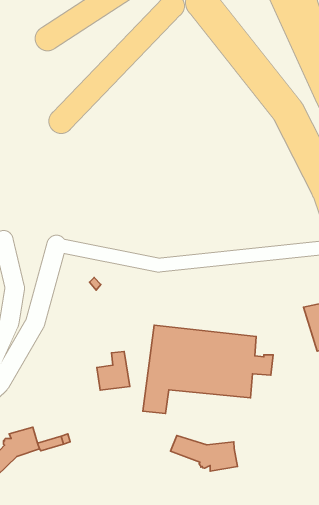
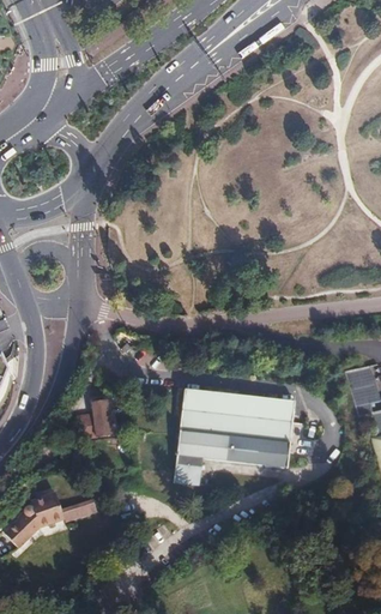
building: [97,352,130,390] -> [75,399,110,440]
building: [170,435,237,471] -> none

